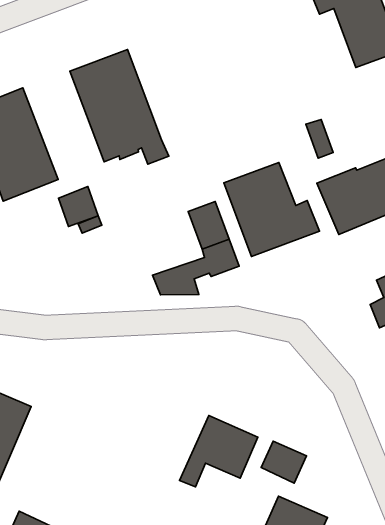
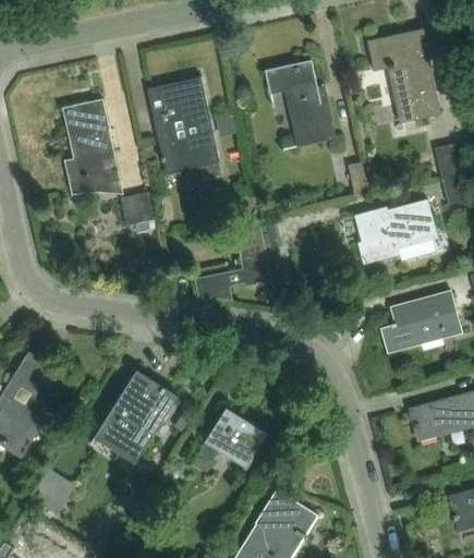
building: none -> [264,59,338,149]
building: [224,163,319,256] -> none
building: none -> [88,372,174,470]
building: [261,441,306,483] -> none

